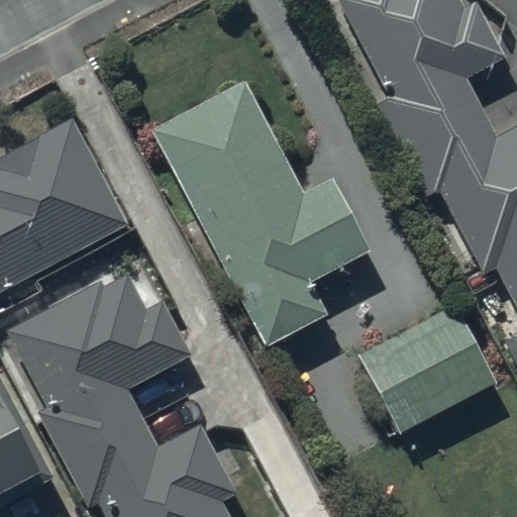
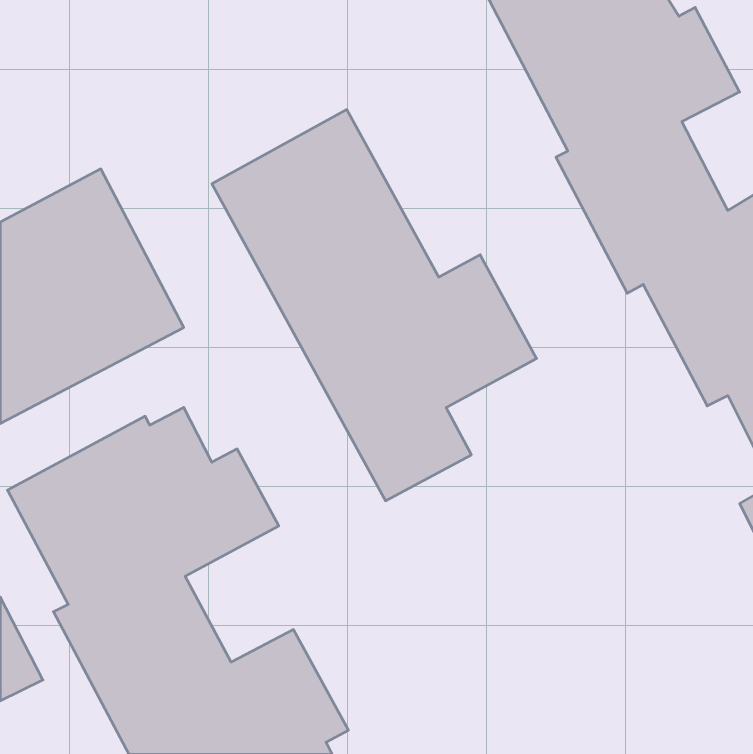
building: [358,306,498,436] -> none

